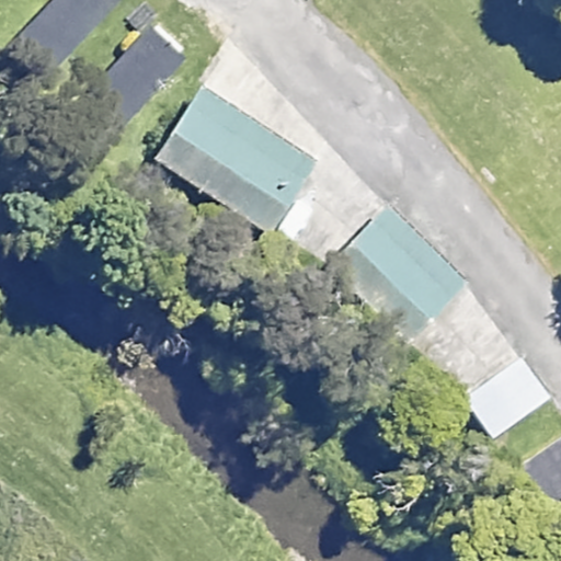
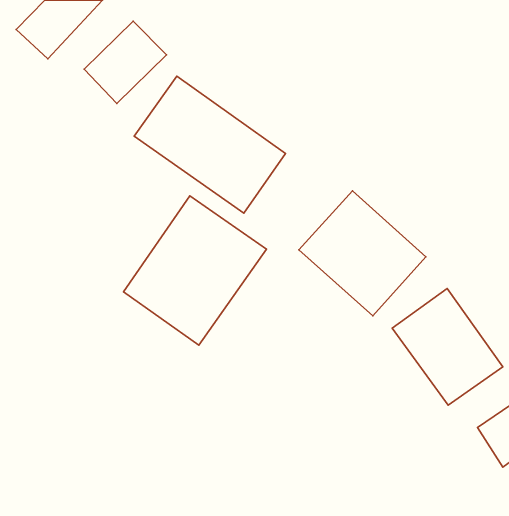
building: none -> [123,196,266,345]

